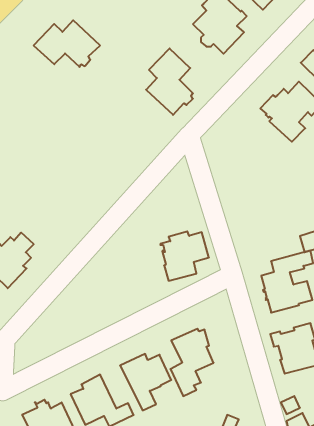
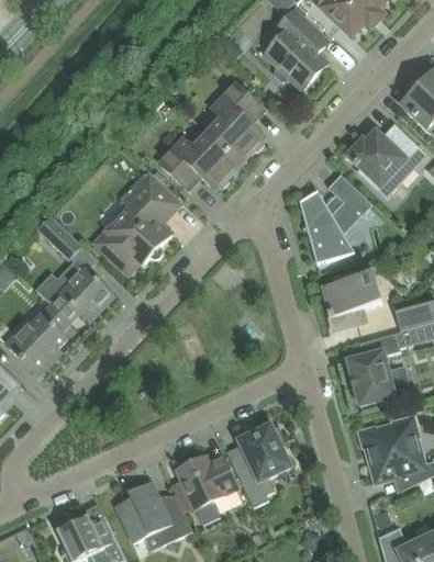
building: [34,20,100,67] -> [159,133,241,190]
building: none -> [301,175,372,262]
building: none -> [96,176,178,272]
building: none -> [37,215,82,260]
building: none -> [35,268,114,323]
building: [160,231,209,281] -> [323,271,382,331]

